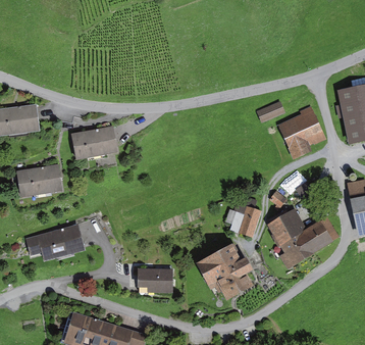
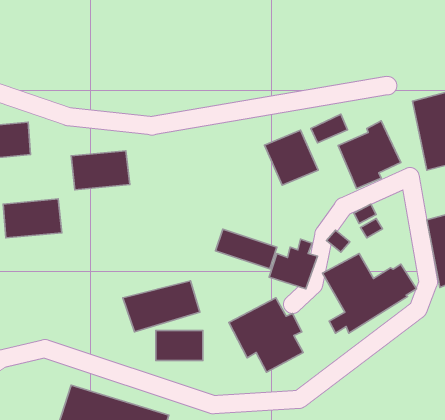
building: none -> [265,130,318,185]
building: none -> [216,229,277,269]
building: [27,224,87,263] -> [123,281,200,332]

